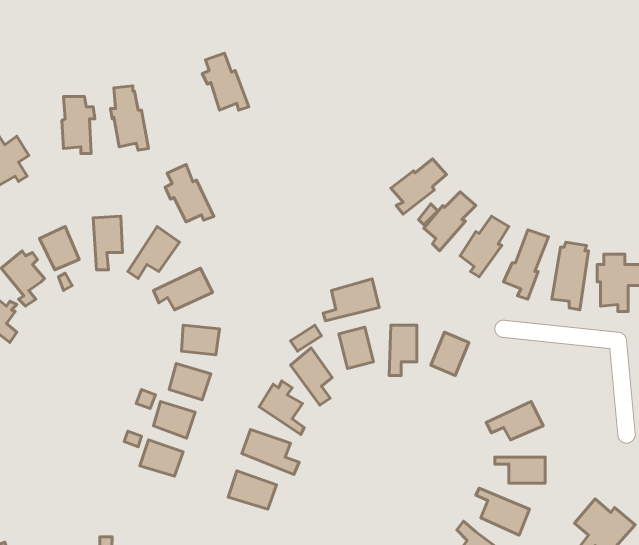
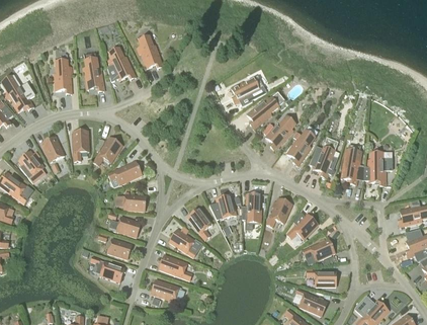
building: none -> [231,76,262,103]
building: [165,165,214,222] -> [107,47,136,80]
building: [323,279,379,321] -> none
building: none -> [285,213,318,239]

